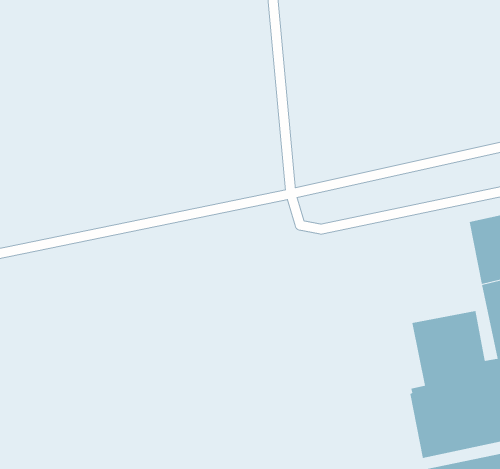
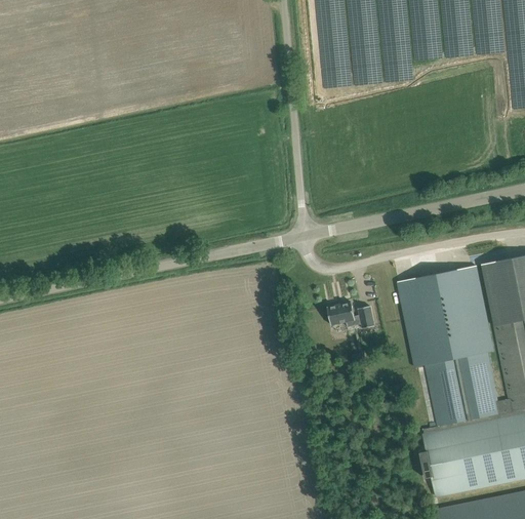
building: none -> [398,266,494,366]
building: none -> [328,303,375,328]

